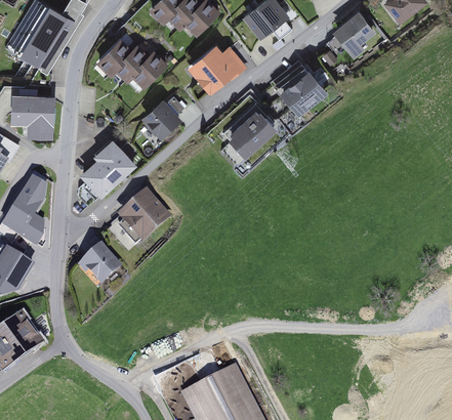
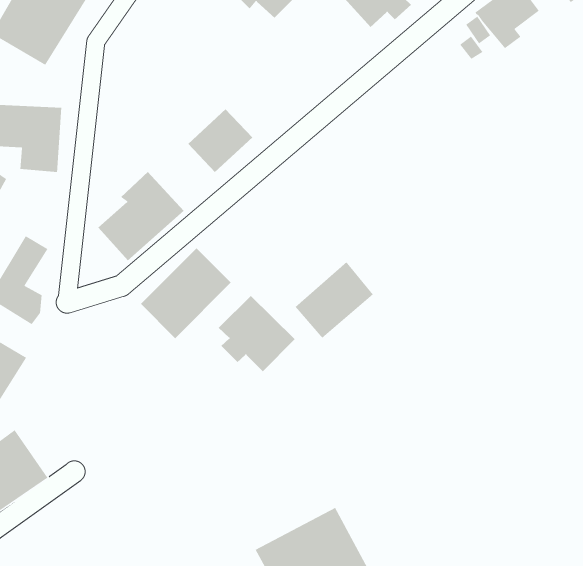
building: [98,37,168,89] -> none
building: [188,43,245,93] -> none
building: [270,59,326,118] -> none
building: [227,109,280,161] -> [295,261,374,339]
building: none -> [218,295,296,372]
building: [77,245,122,289] -> none

